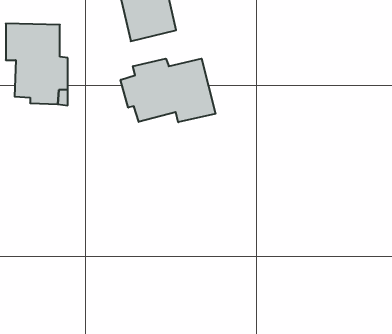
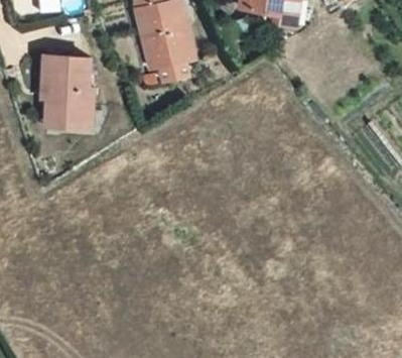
building: [121,59,216,122] -> none

